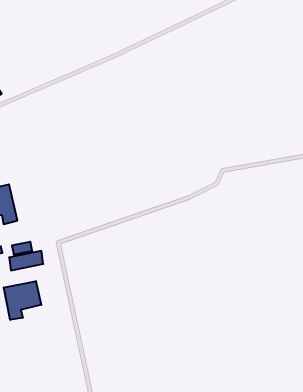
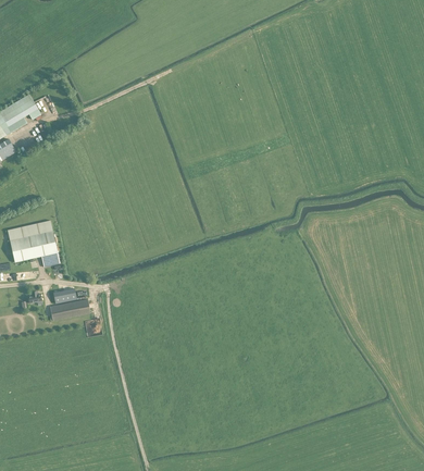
building: [4,281,41,320] -> none

